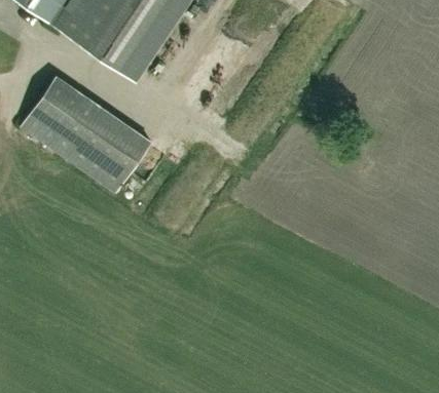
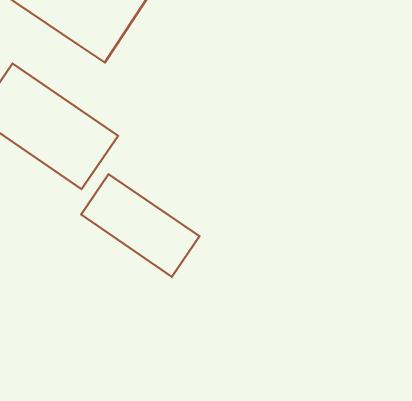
building: none -> [81,174,199,277]

